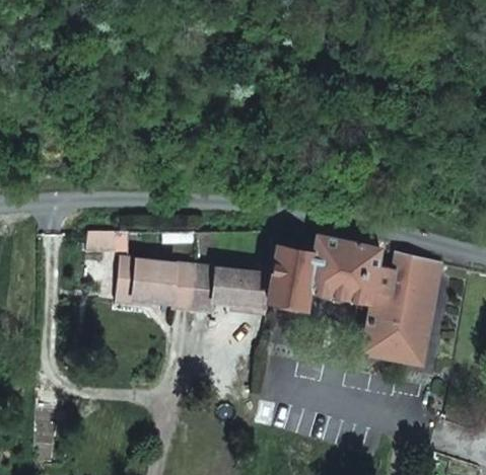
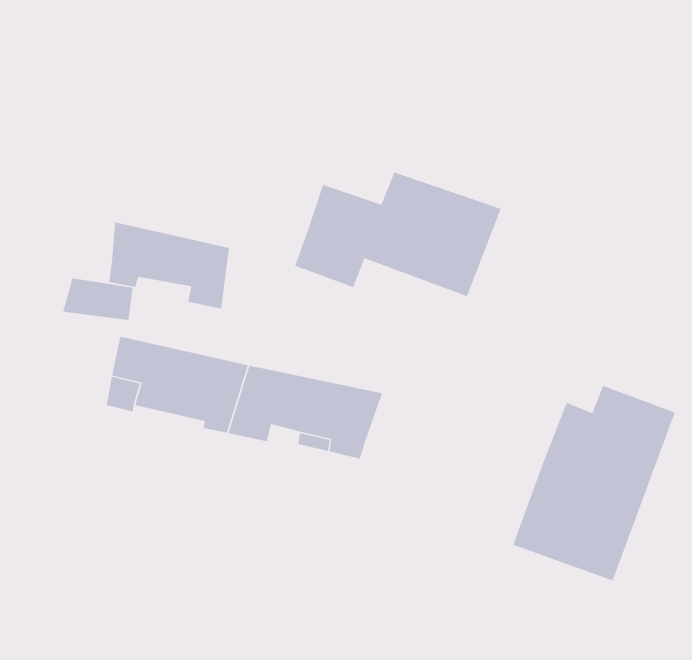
building: none -> [109,221,230,310]
building: [270,235,384,304] -> [294,171,502,297]

